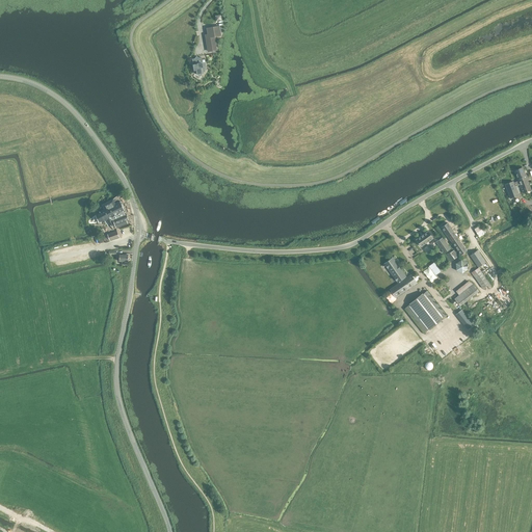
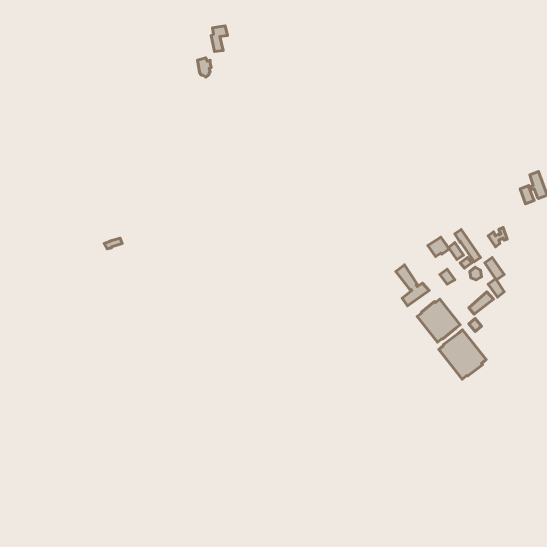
building: [95,198,128,227] -> none
building: none -> [439,330,486,379]

